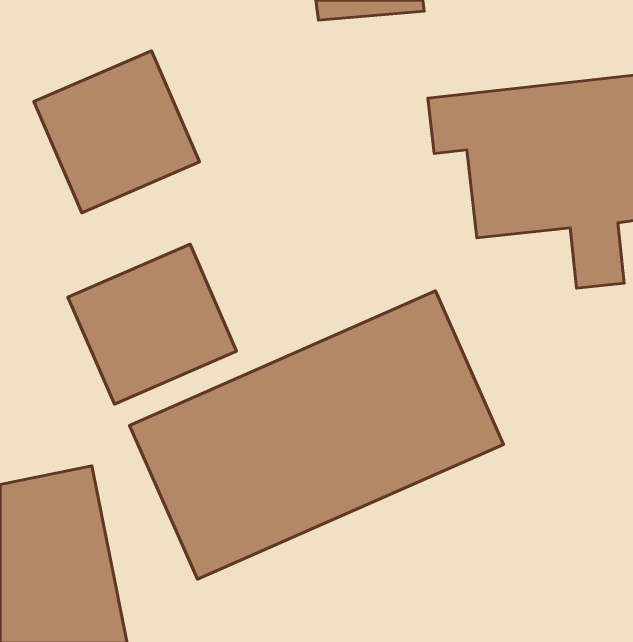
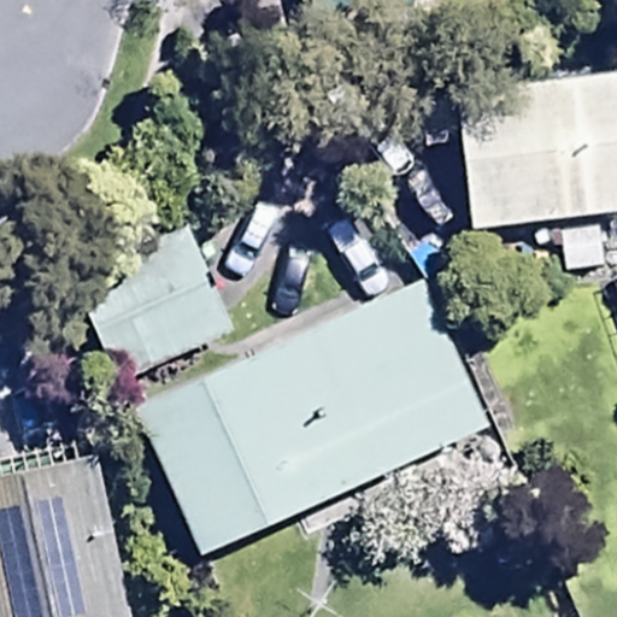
building: [34,51,199,213] -> none

